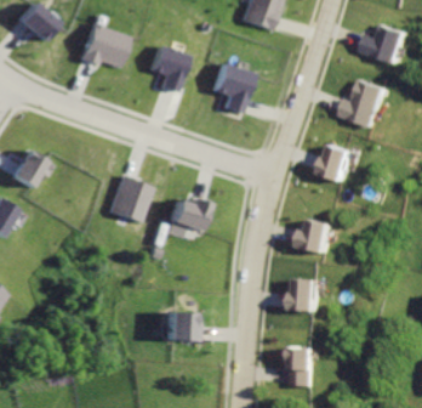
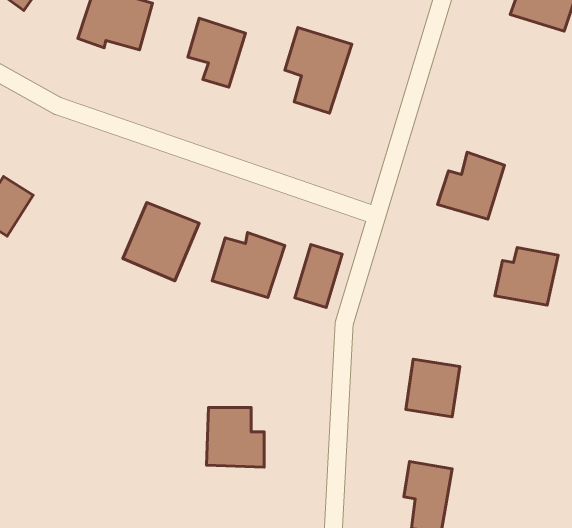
building: [331,75,383,124] -> none
building: none -> [295,244,342,308]
building: [287,212,329,250] -> [495,248,558,305]

